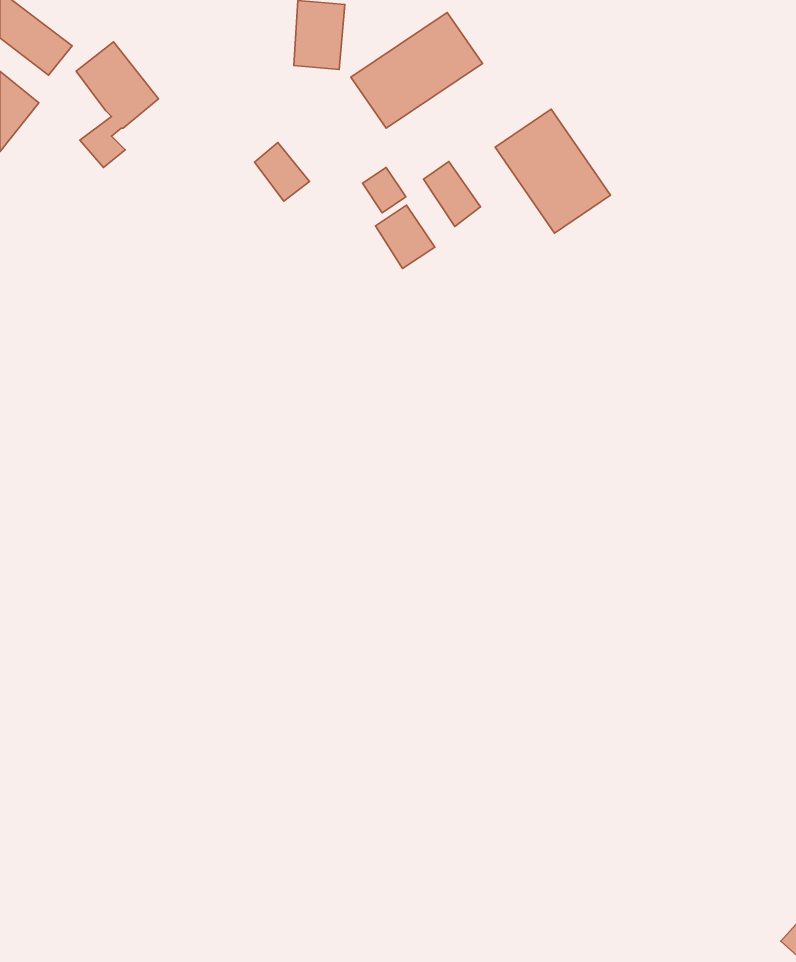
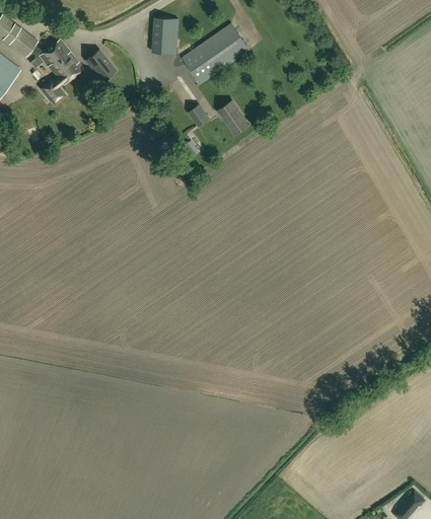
building: [495,109,610,233] -> none
building: [254,142,309,201] -> [87,50,116,80]
building: [376,205,435,269] -> none

